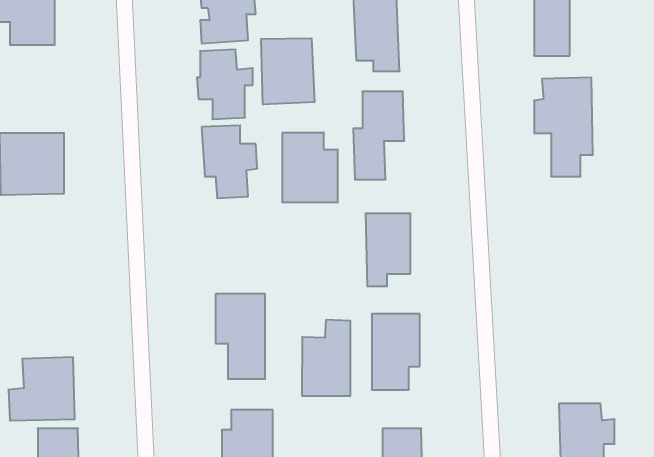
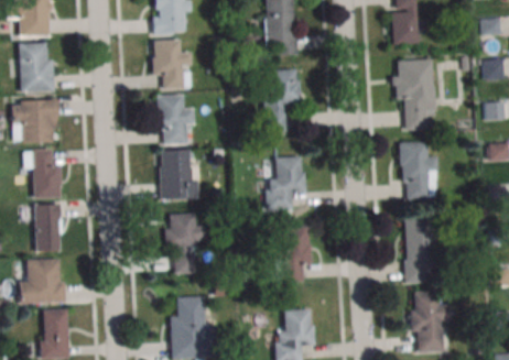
building: [261,38,314,105] -> none
building: none -> [20,42,55,92]
building: [282,133,338,202] -> [161,150,201,199]
building: none -> [401,141,438,200]
building: none -> [25,150,62,198]
building: none -> [35,205,62,251]
building: none -> [404,217,433,283]
building: [302,320,350,396] -> none

